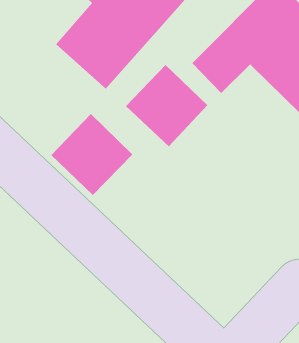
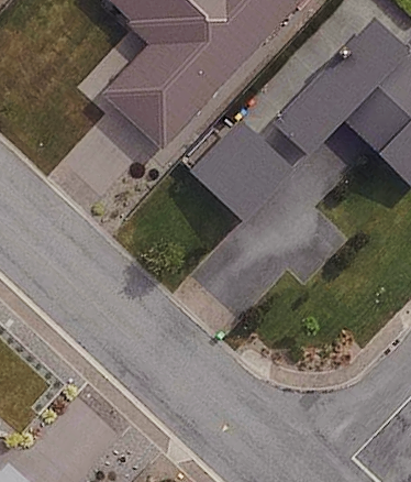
building: [50,113,133,196] -> none

